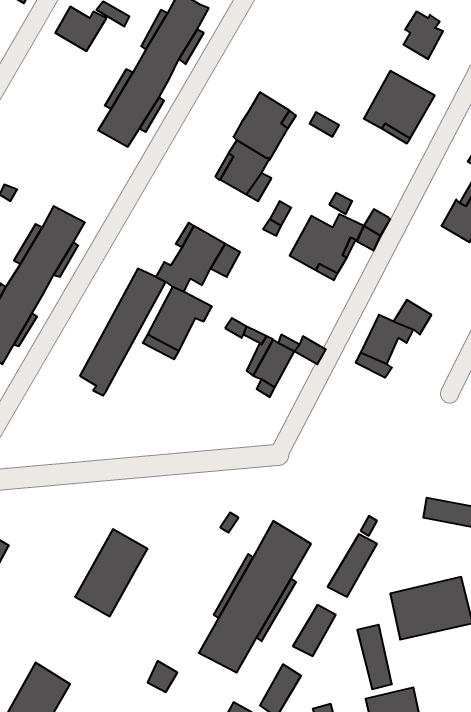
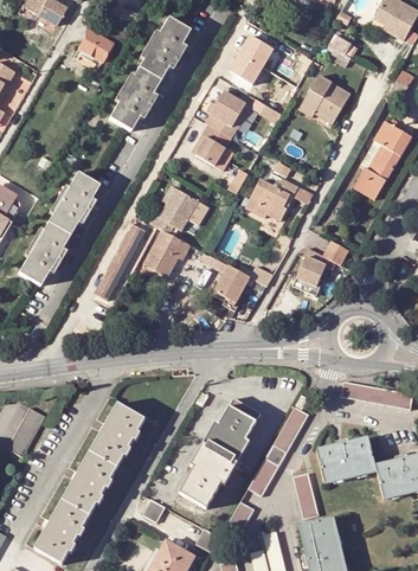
building: none -> [227,33,275,84]
building: none -> [64,453,117,515]

